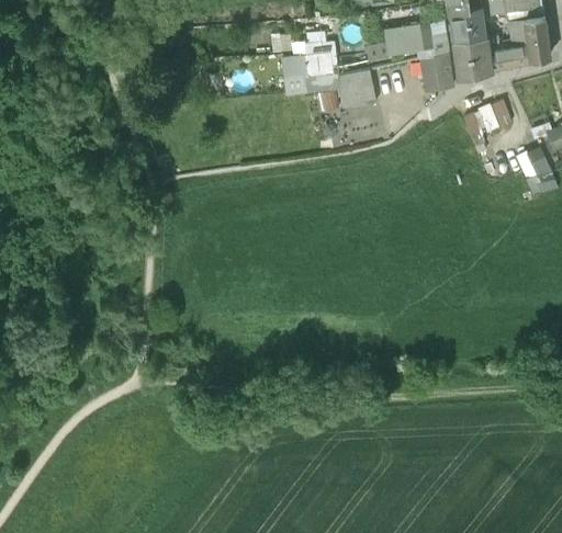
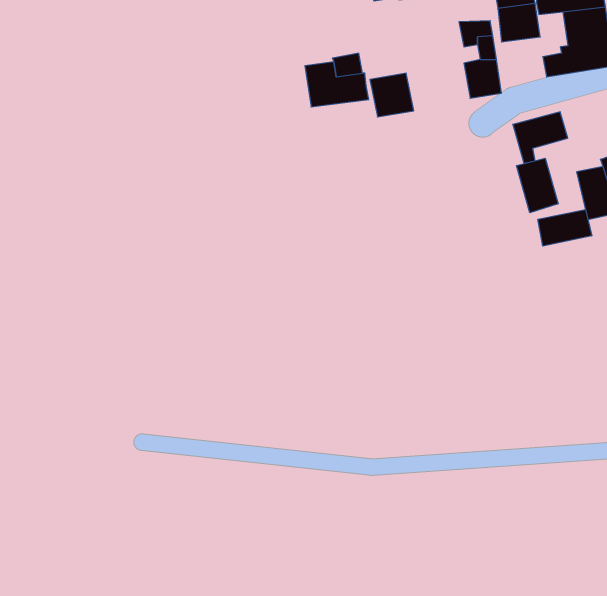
building: [452,34,492,75] -> none
building: none -> [516,158,558,213]
building: none -> [538,209,592,246]

